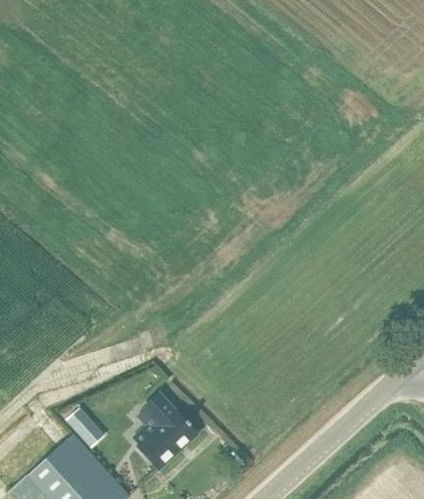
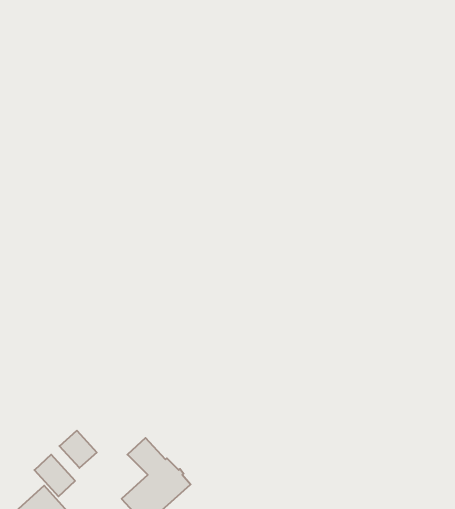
building: none -> [59,431,97,468]

